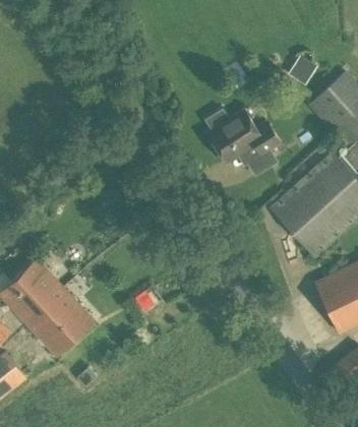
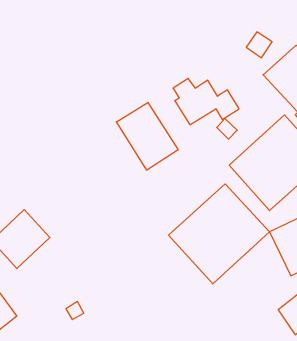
building: none -> [116,102,178,170]
building: none -> [169,184,269,284]
building: [25,288,93,354] -> none

